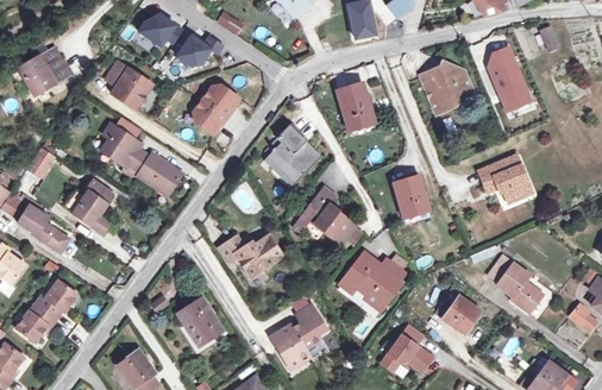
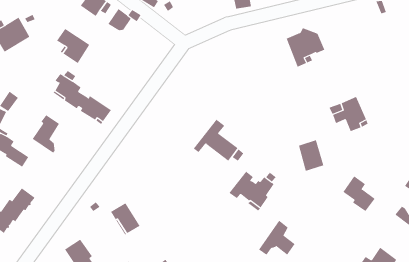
building: [481,42,531,112] -> none
building: [337,83,375,131] -> none
building: [193,86,239,134] -> none
building: [266,125,321,184] -> none
building: [394,175,429,219] -> [298,139,324,172]
building: [219,234,283,277] -> none
building: [435,295,482,334] -> none
building: [270,306,326,370] -> none

